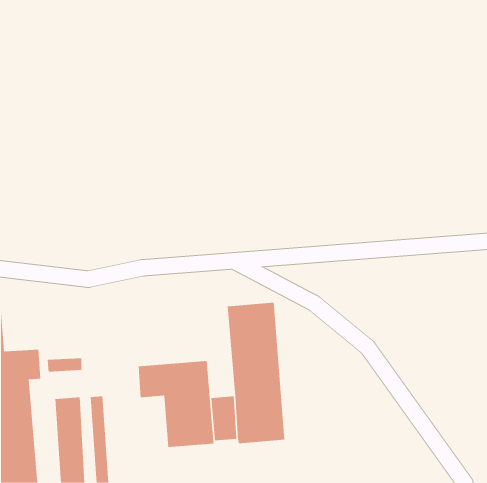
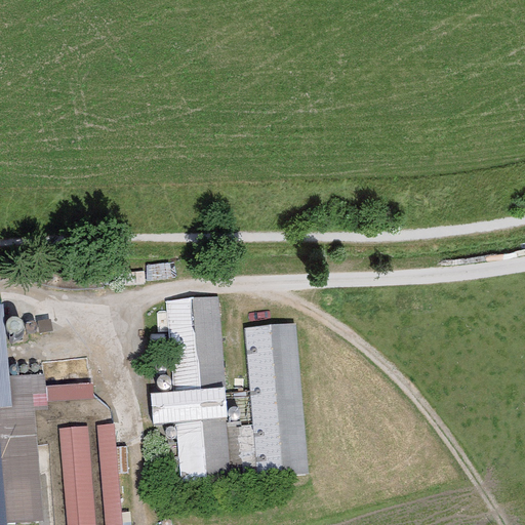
building: none -> [167,297,225,386]

